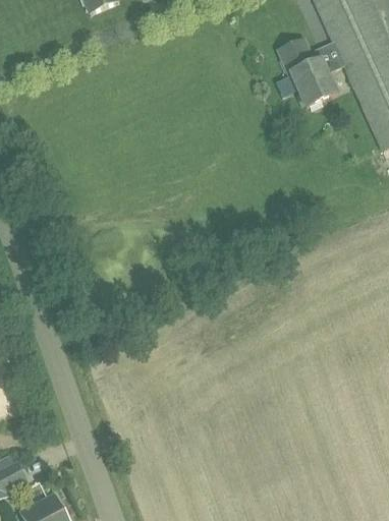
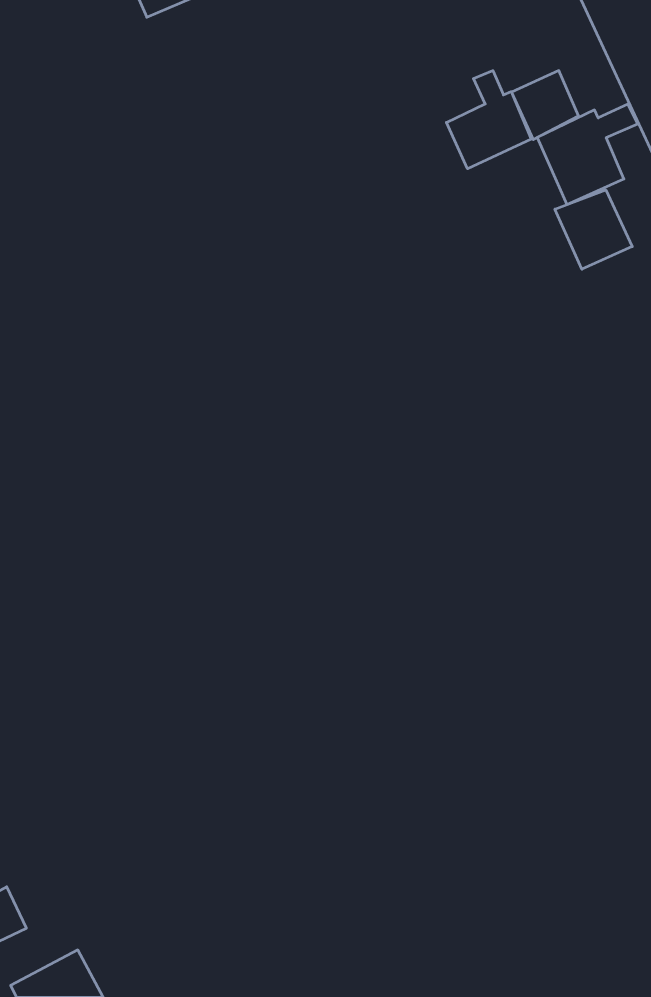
building: none -> [446,71,531,169]
building: none -> [555,190,632,269]

